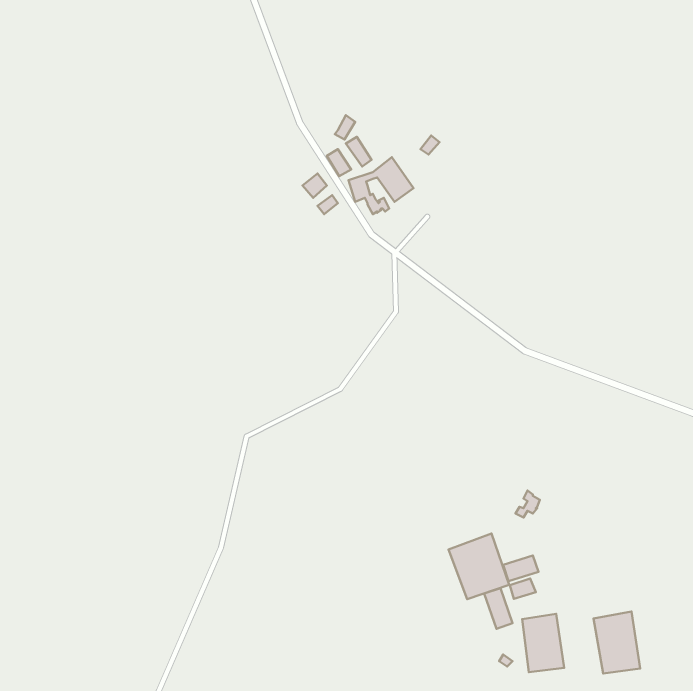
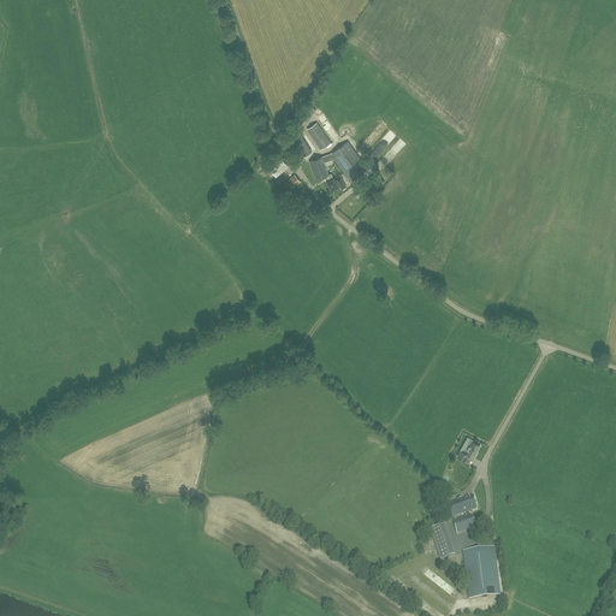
building: [449,534,509,599] -> none
building: [594,612,640,674] -> none

